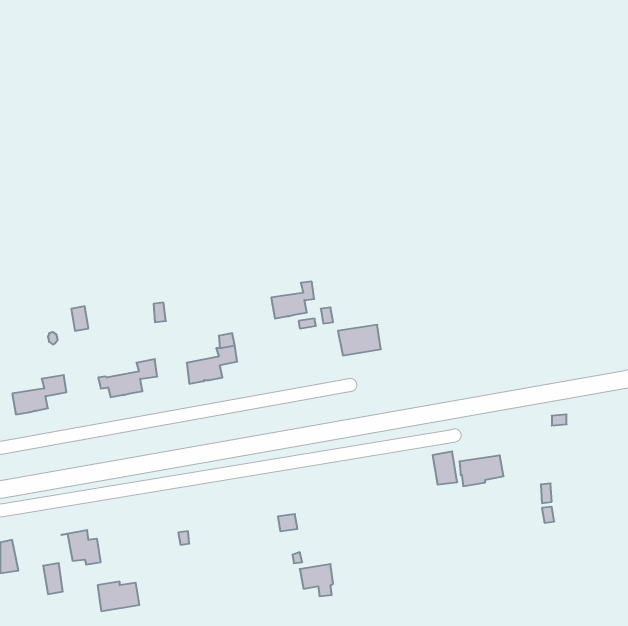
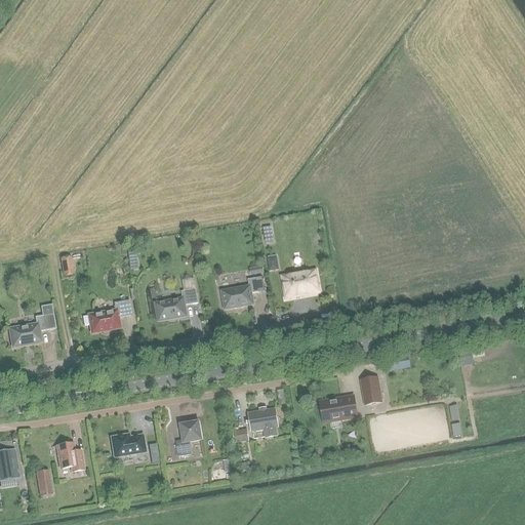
building: [271,282,314,319] -> [223,277,258,308]
building: [459,455,504,486] -> [320,396,357,421]
building: none -> [176,421,201,455]
building: [300,564,333,596] -> [249,409,277,436]
building: [98,582,139,611] -> [111,433,146,457]

